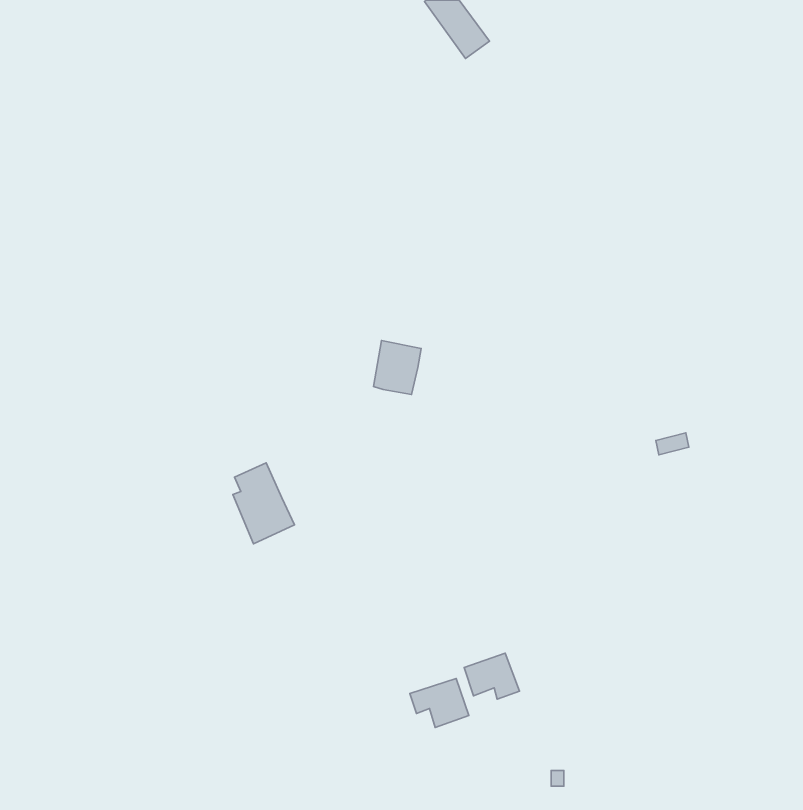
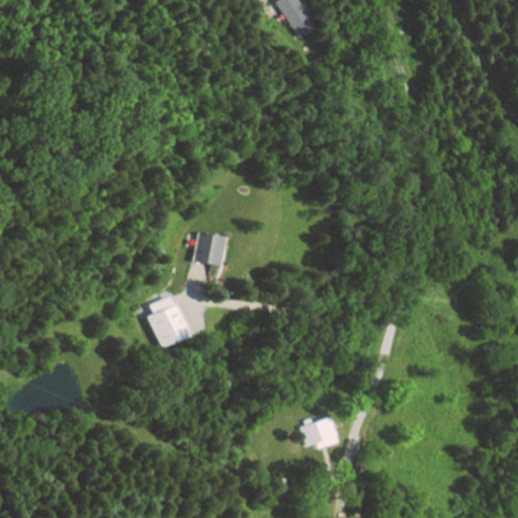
building: [374,340,421,394] -> [194,231,225,265]
building: [410,679,469,727] -> none

